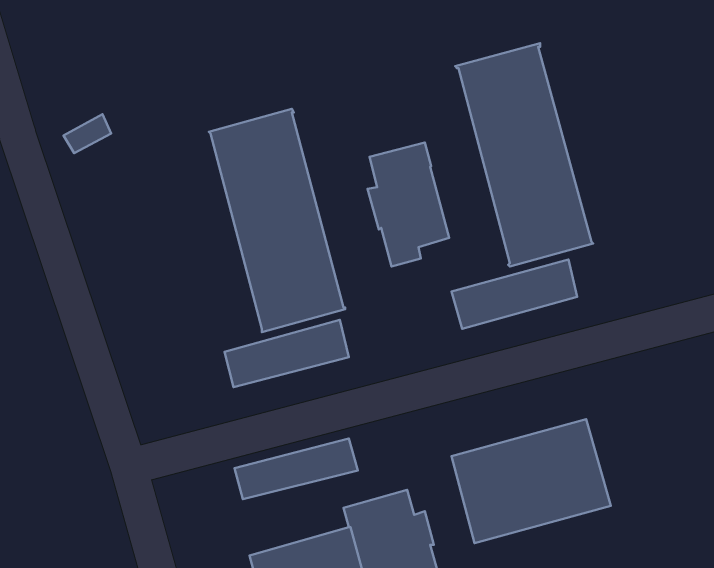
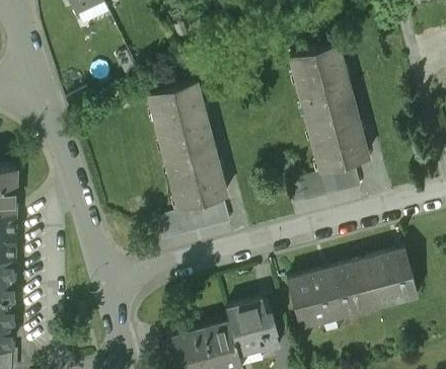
building: [368,142,449,267] -> none
building: none -> [364,248,418,307]
building: [234,438,358,499] -> none

